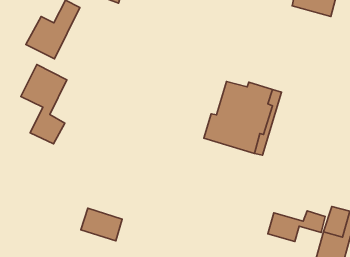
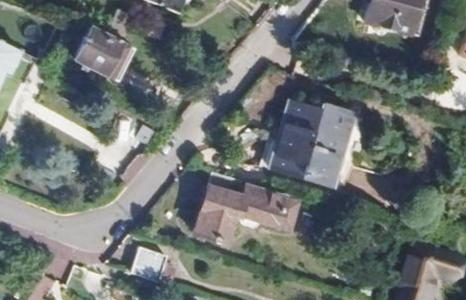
building: [21,65,67,144] -> none
building: none -> [195,173,295,244]
building: [268,211,325,242] -> none

